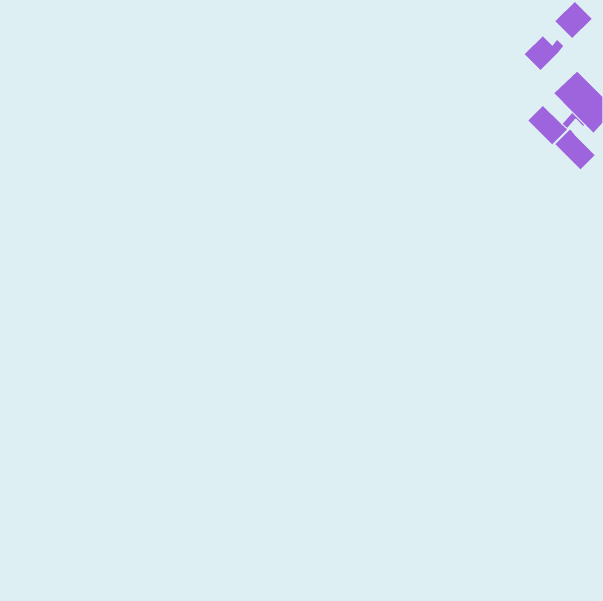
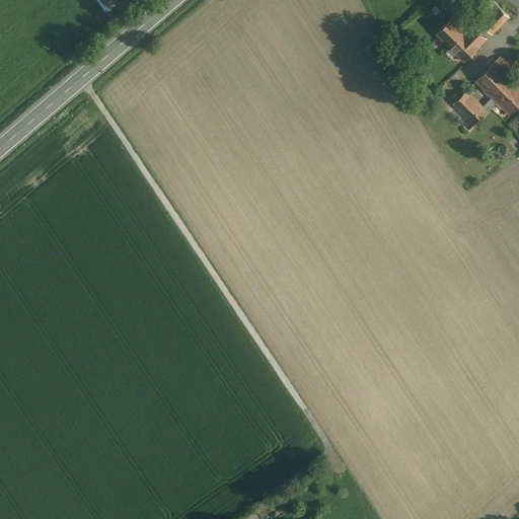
building: none -> [436,18,466,49]
building: [555,129,595,170] -> none

